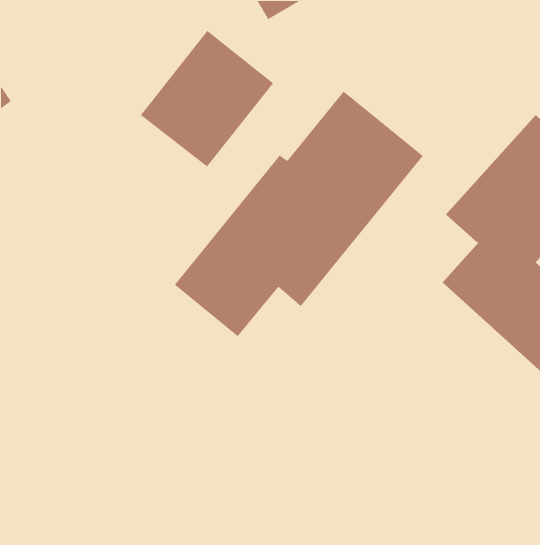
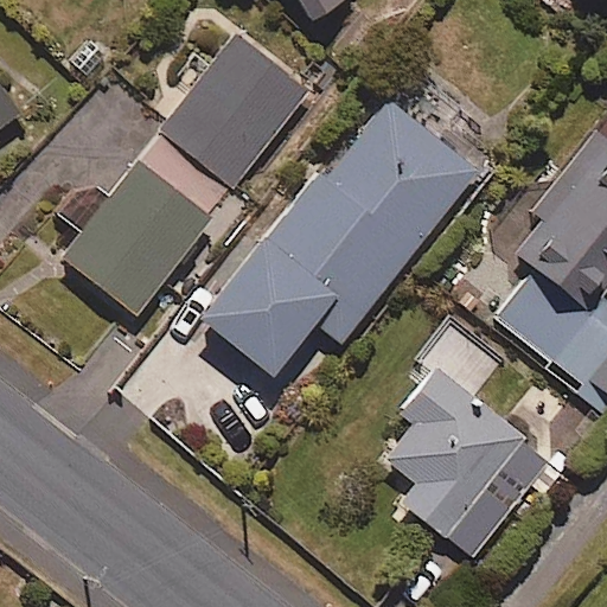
building: none -> [62,133,256,314]
building: none -> [384,366,538,537]

